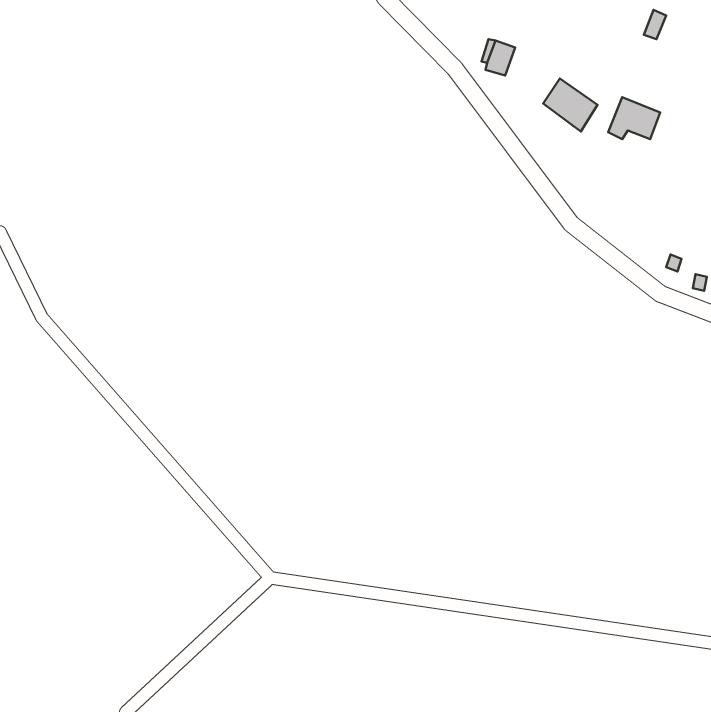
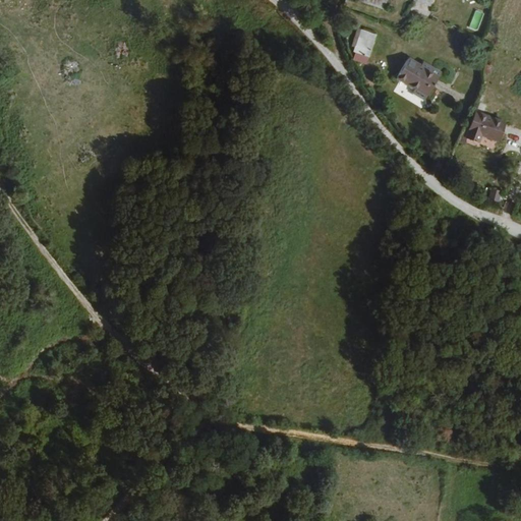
building: [608,97,660,139] -> [463,112,501,142]

